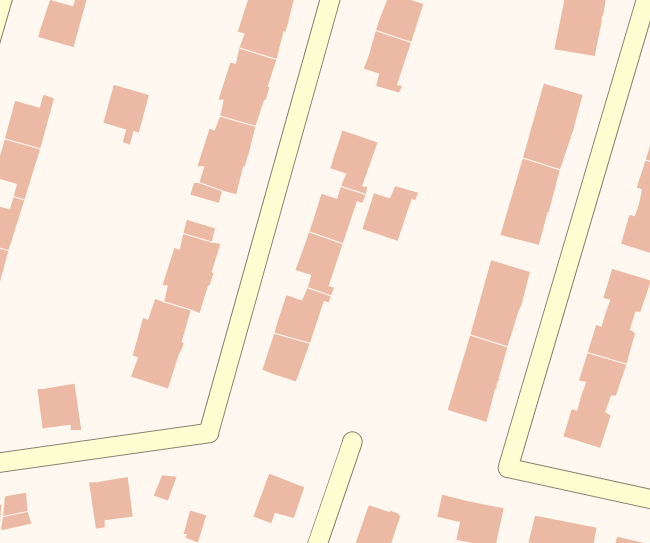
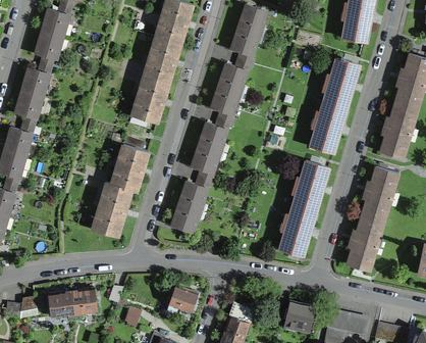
building: [103,84,150,146] -> [35,31,62,66]
building: [361,185,419,241] -> [218,59,252,92]
building: [37,383,82,431] -> [48,290,74,317]

